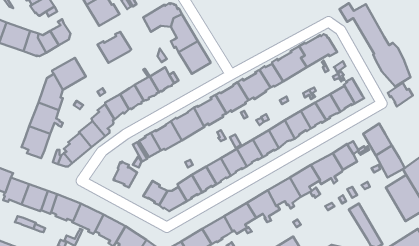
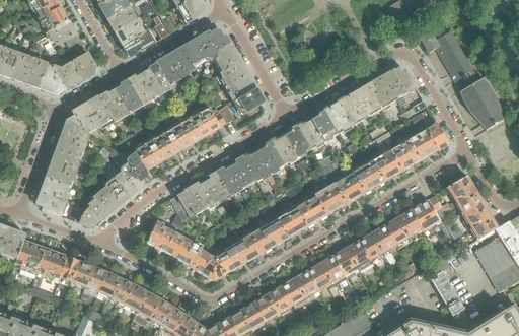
building: none -> [155,47,194,85]
building: none -> [100,79,141,118]
building: [388,83,413,107] -> none
building: none -> [165,233,194,262]

